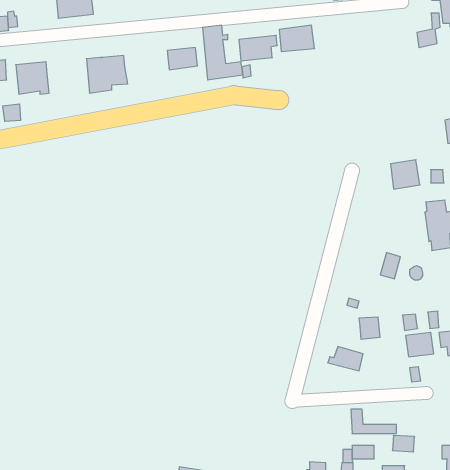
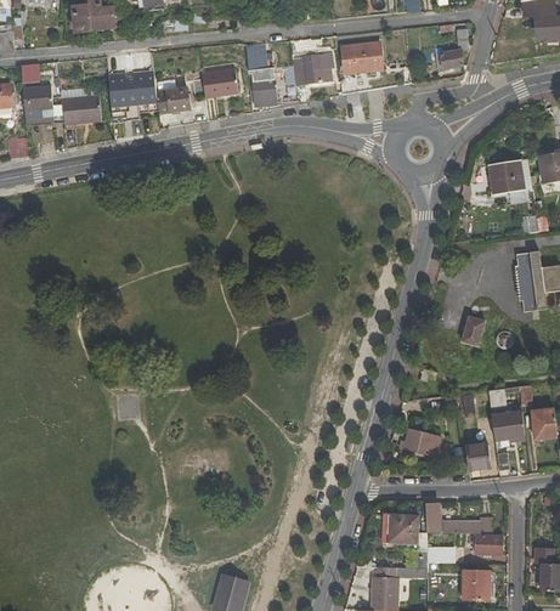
building: [417,13,440,48] -> [437,29,465,70]
building: none -> [153,86,188,114]
building: none -> [60,96,98,124]
building: [391,160,420,189] -> [488,159,524,194]
building: [359,317,380,339] -> [464,443,490,470]
building: none -> [388,514,418,544]

